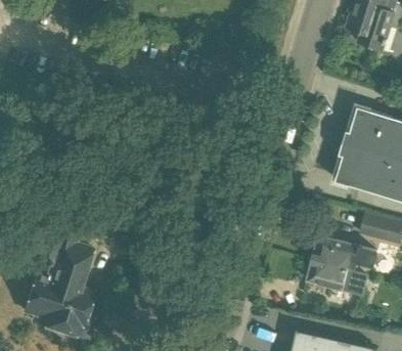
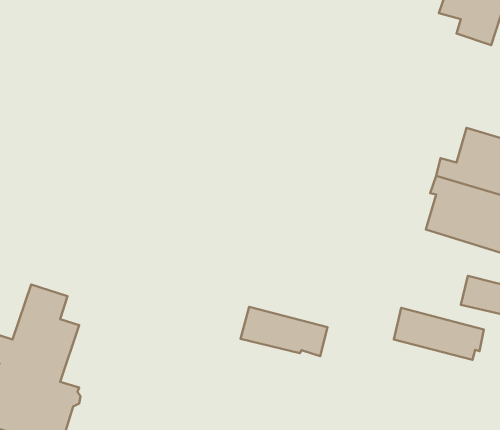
building: [307,259,368,294] -> [240,307,327,356]

